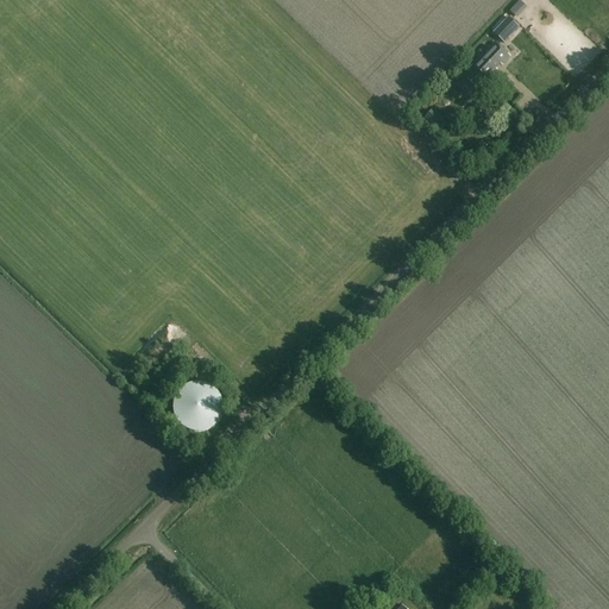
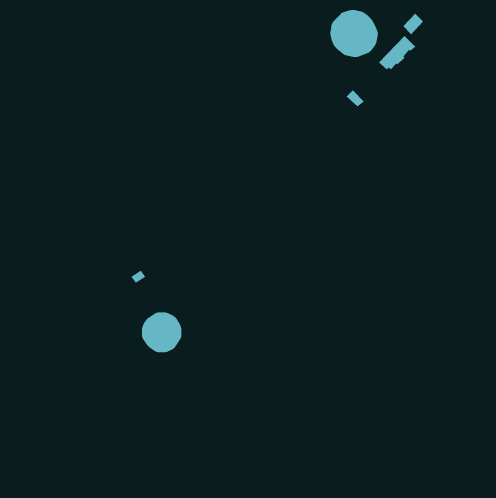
building: none -> [330,9,378,58]

